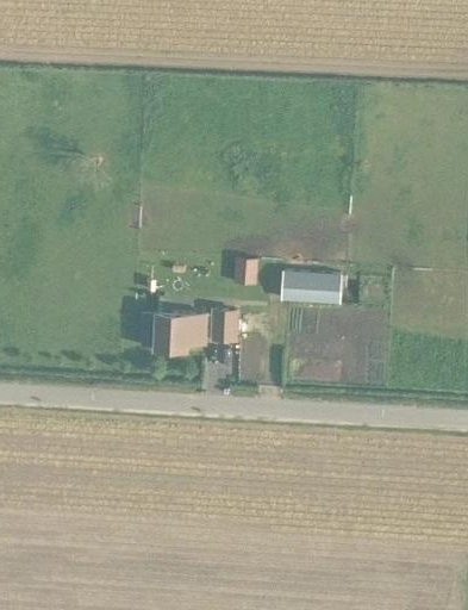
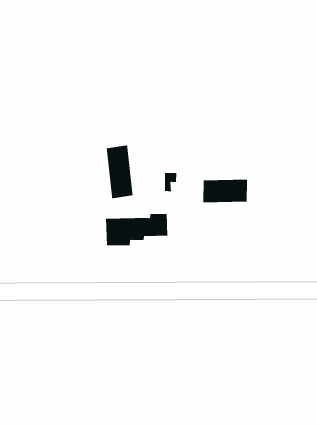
building: none -> [106,145,133,199]

